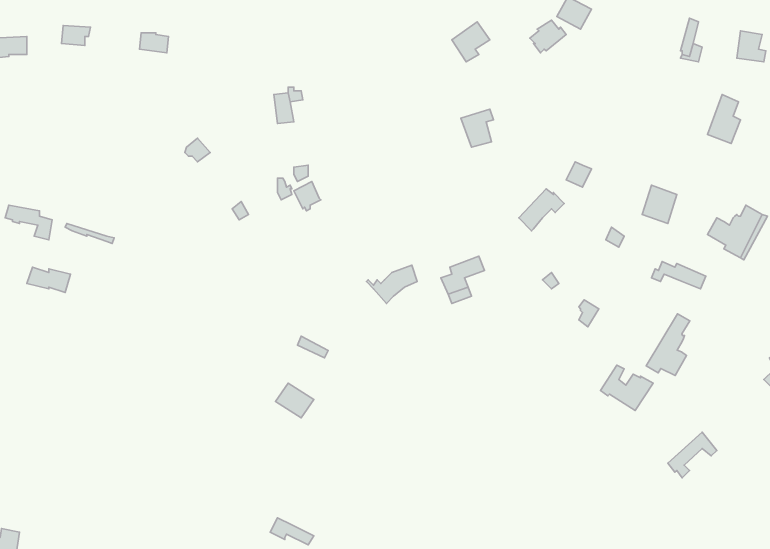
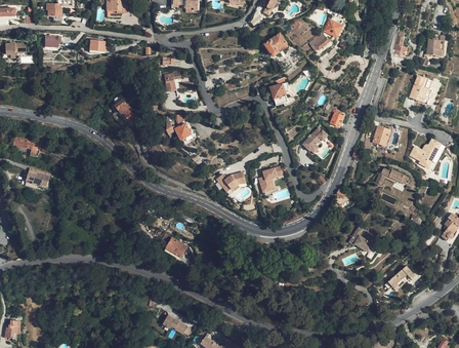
building: [646,314,690,376] -> none

